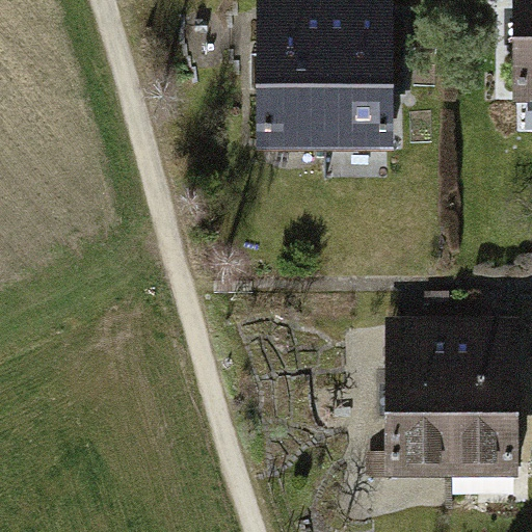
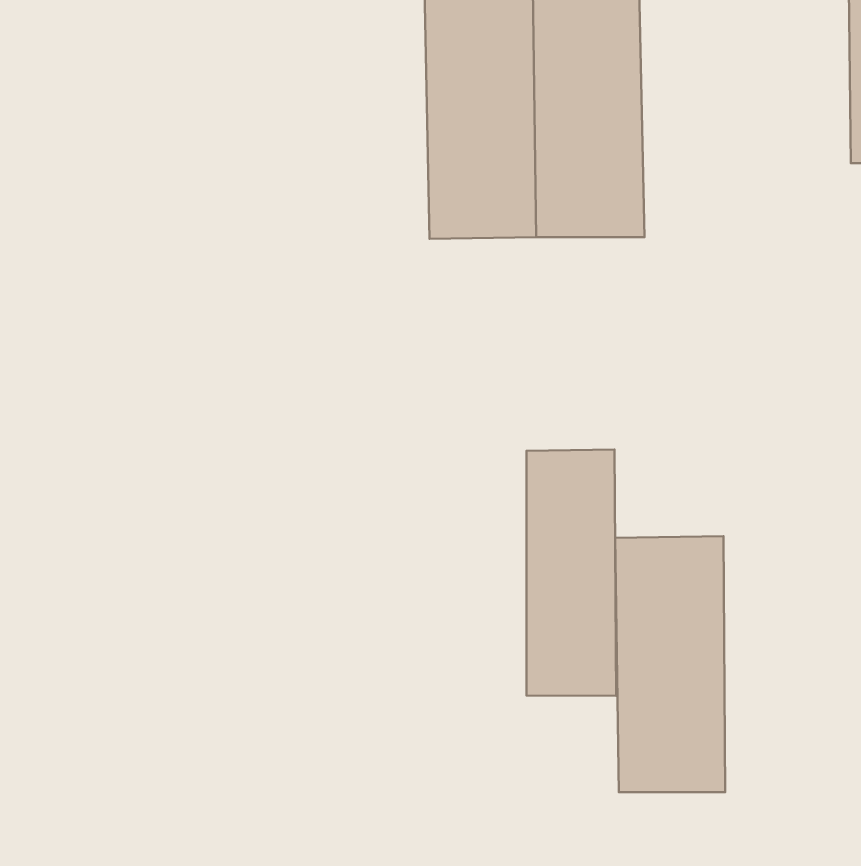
building: none -> [526,449,616,696]
building: [448,324,514,479] -> none

